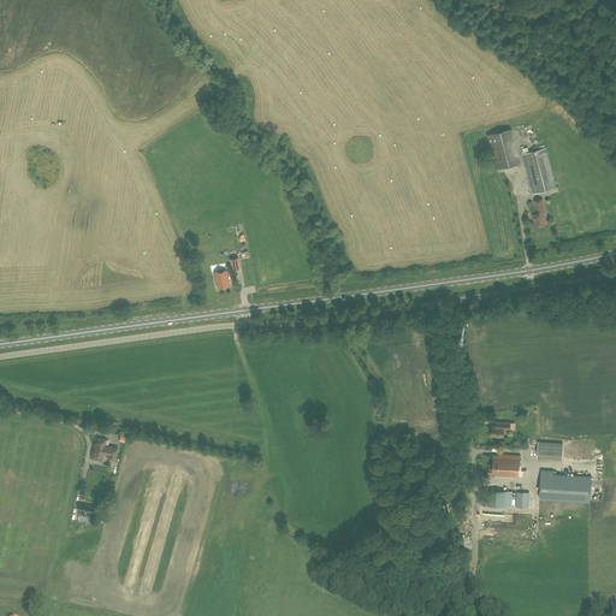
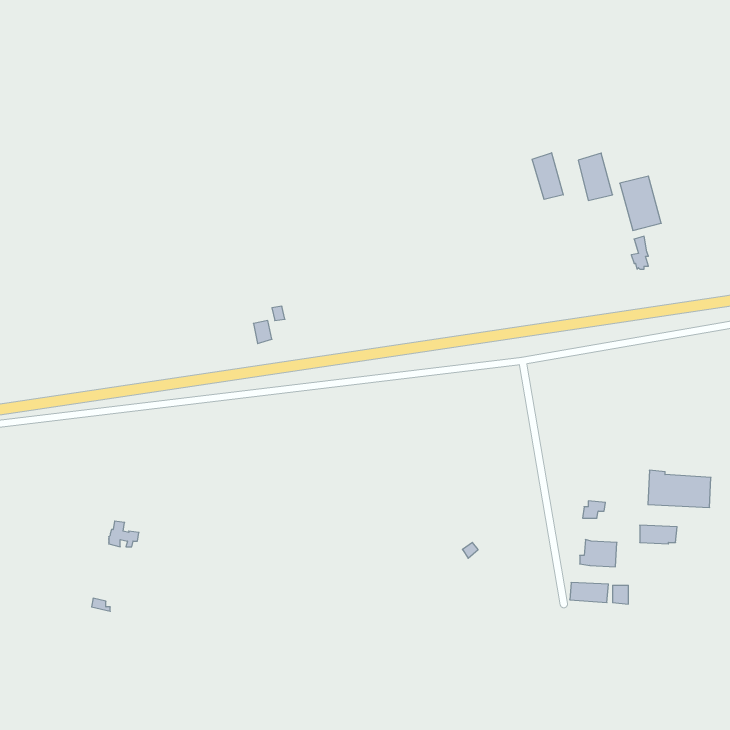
building: none -> [532,153,563,199]
building: [539,470,592,502] -> [648,470,711,507]

